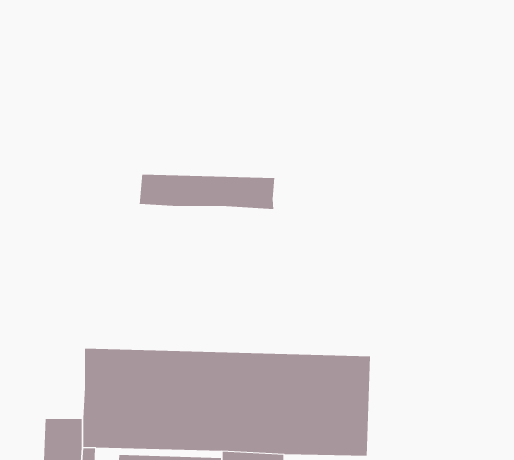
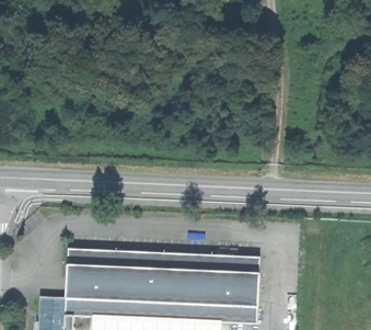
building: [139,174,275,210] -> none

